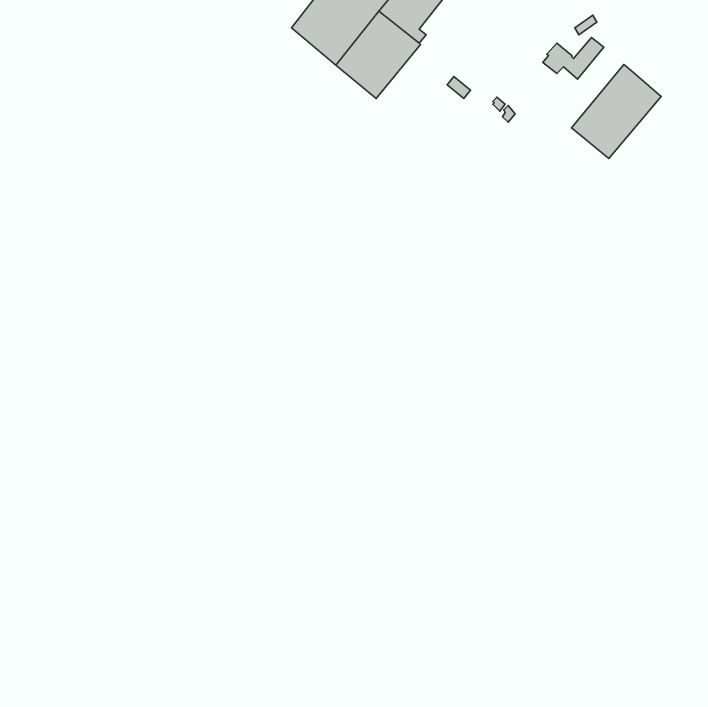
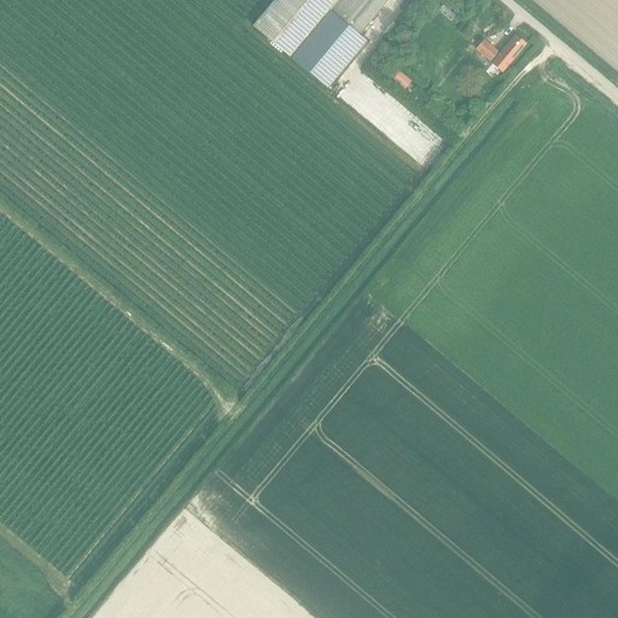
building: [571,65,661,158] -> none

